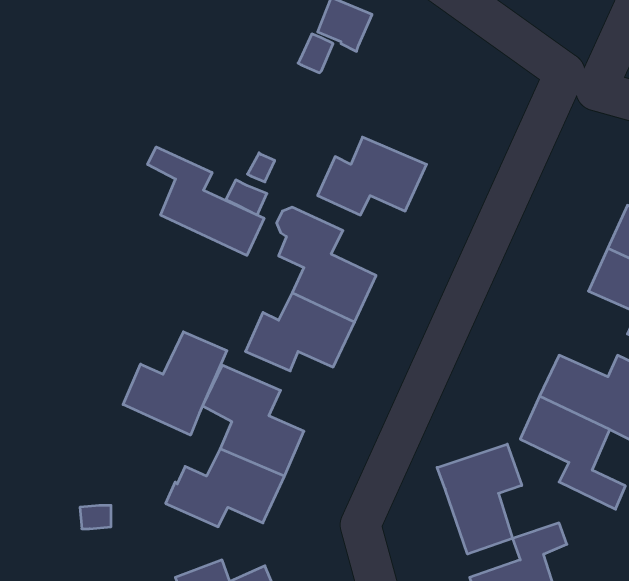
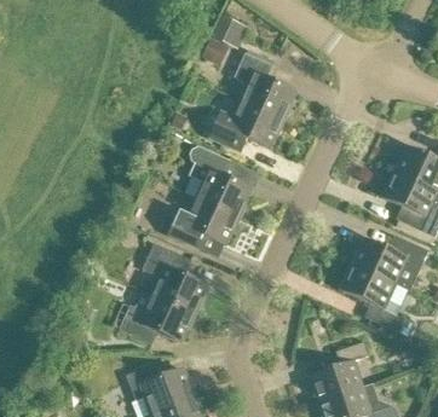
building: none -> [234,53,294,118]
building: [148,147,264,255] -> none
building: [123,332,227,435] -> none
building: [437,444,522,554] -> none

